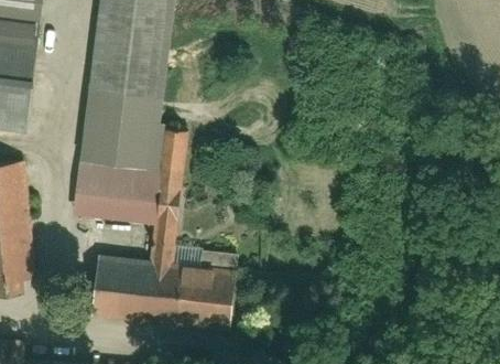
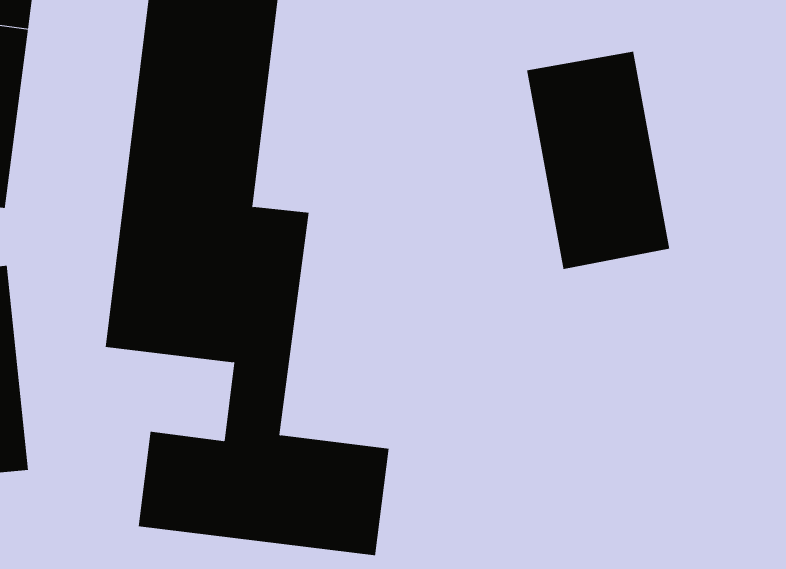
building: none -> [526,51,670,270]

